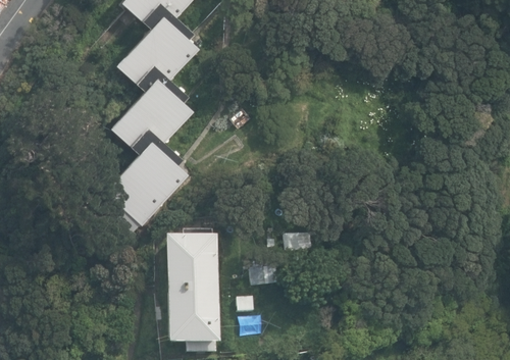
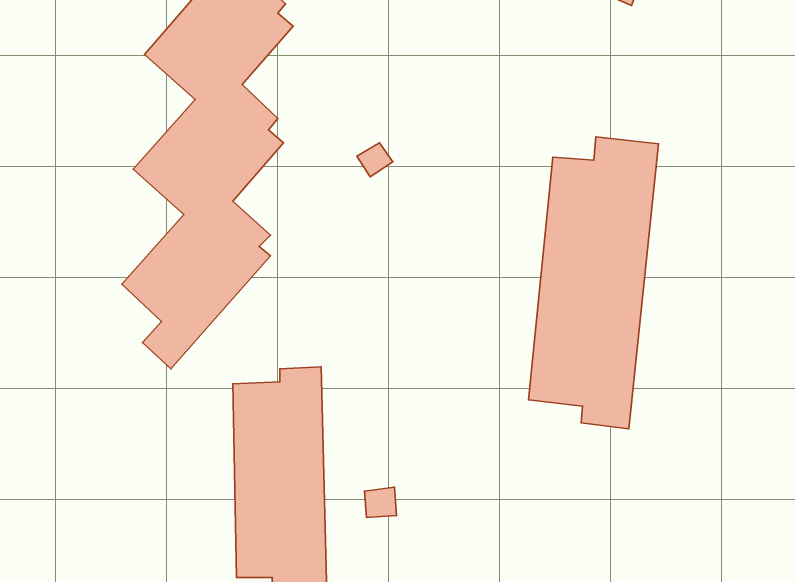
building: none -> [529,137,659,429]

